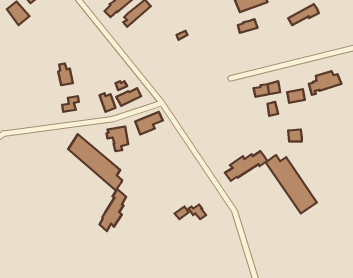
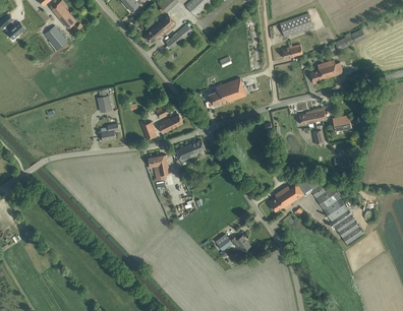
building: none -> [208,77,245,104]
building: [309,71,341,95] -> [309,59,343,83]
building: [68,134,126,231] -> none

